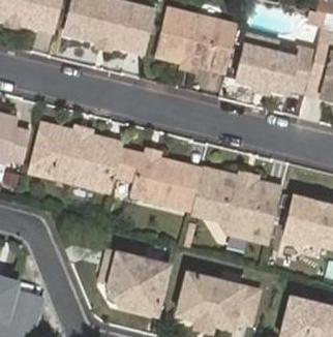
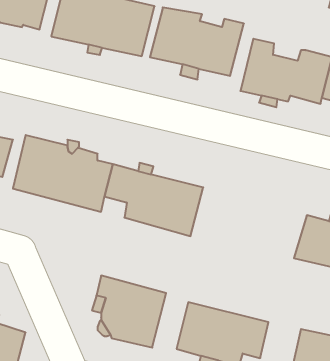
building: [189,171,280,244] -> none

